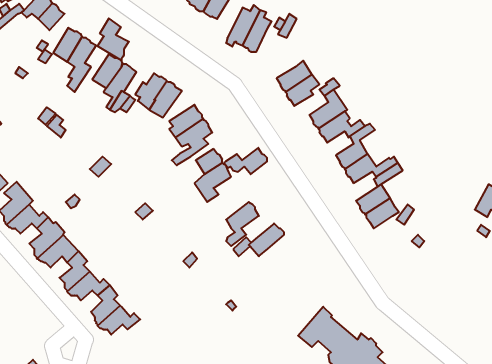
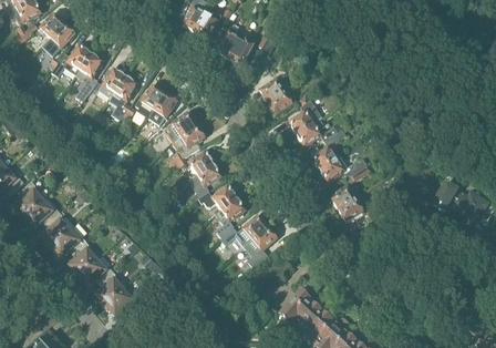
building: [98,18,129,60] -> none
building: [224,148,267,174] -> [198,185,236,208]
building: none -> [245,226,277,267]

